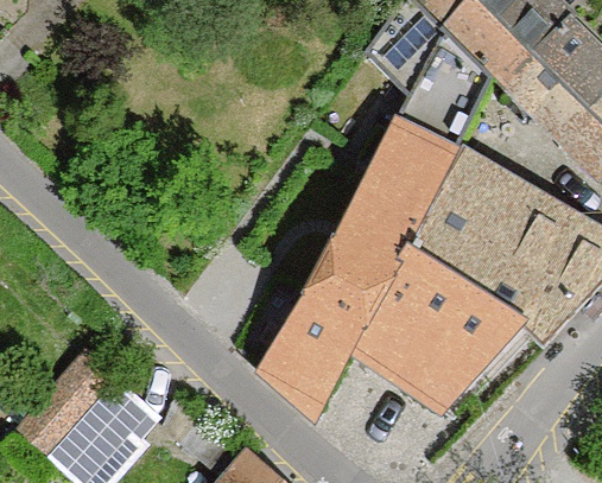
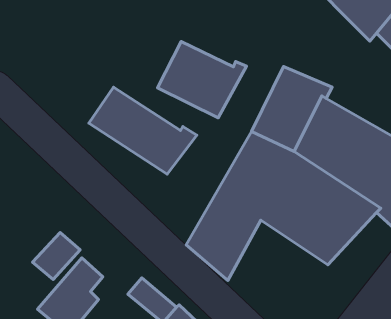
building: none -> [158,41,246,118]
building: none -> [89,87,197,174]

